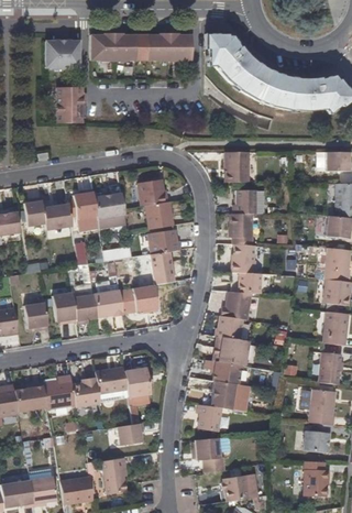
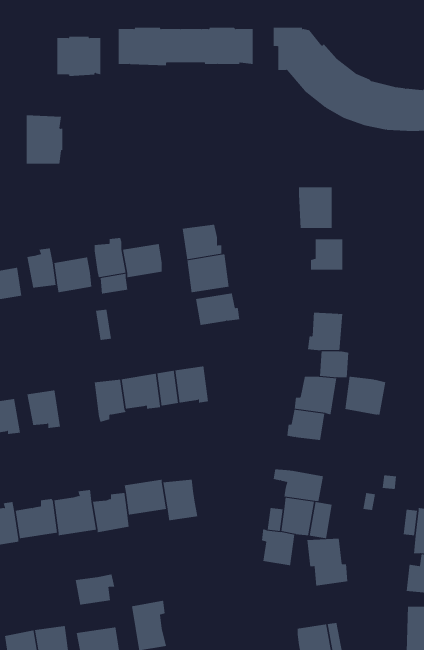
building: [57,87,85,123] -> [26,115,63,164]
building: [230,214,253,245] -> none
building: [150,251,174,280] -> none
building: [52,293,76,323] -> none
building: [218,337,249,365] -> [344,376,386,415]
building: [116,422,145,445] -> [75,574,115,605]
building: [194,438,224,473] -> [307,538,348,586]

